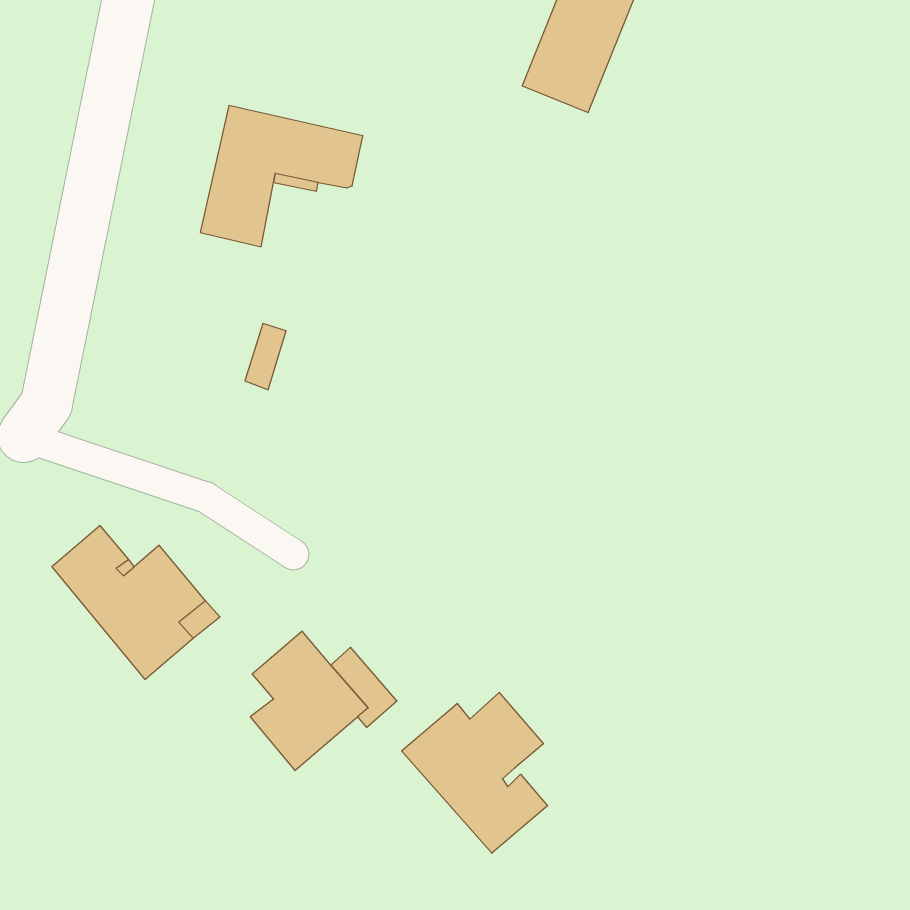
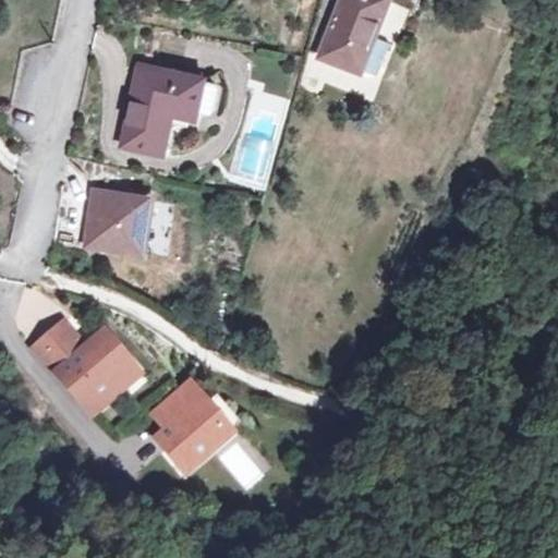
building: none -> [85,190,146,251]
building: [402,693,548,853] -> none

